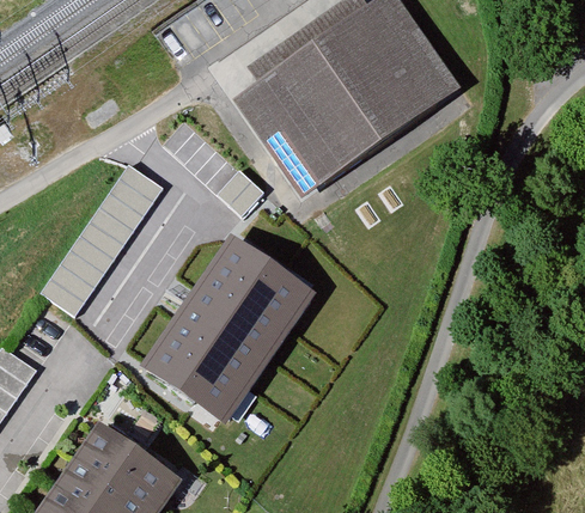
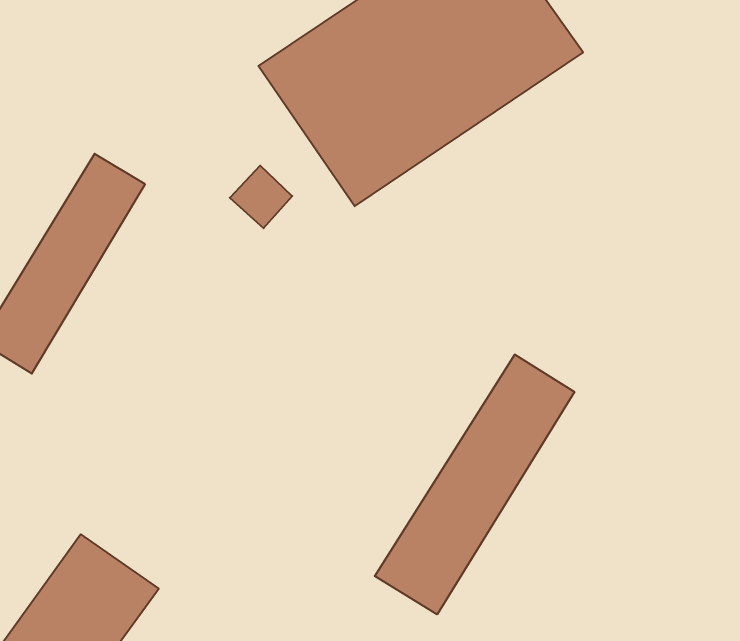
building: [136,232,312,425] -> none
building: none -> [375,354,574,614]

